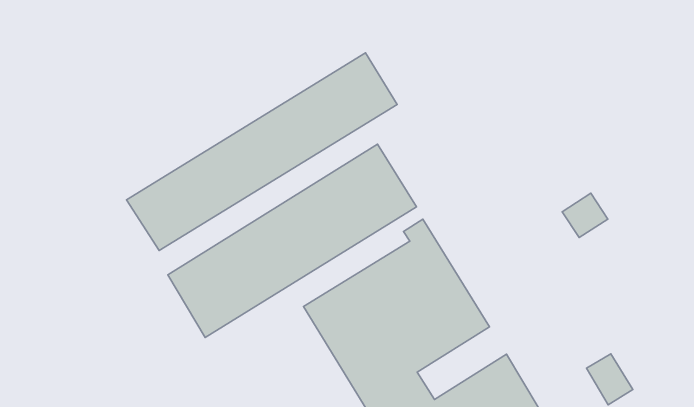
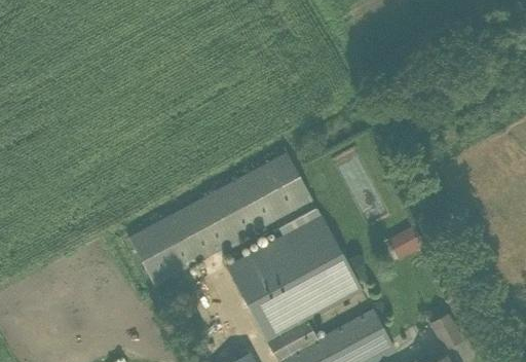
building: [126,53,397,250] -> none
building: [562,193,608,238] -> [386,227,419,259]

